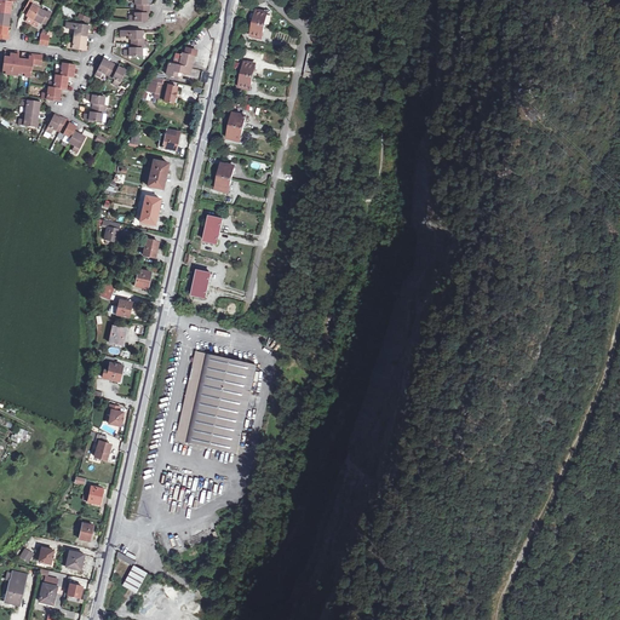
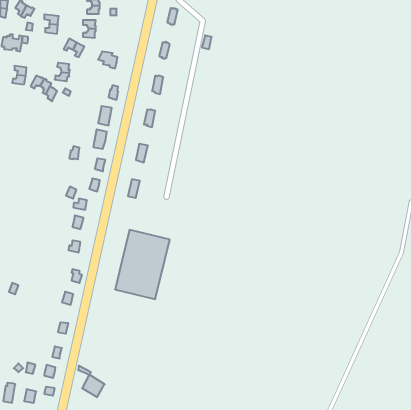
building: [167,48,197,79] -> none
building: [42,63,75,101] -> none

